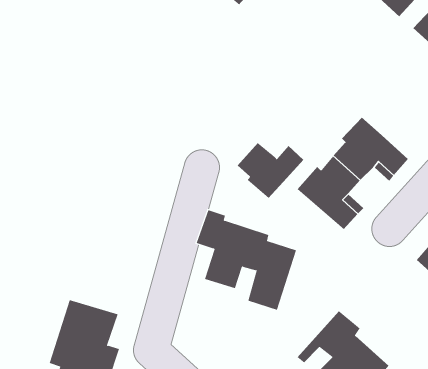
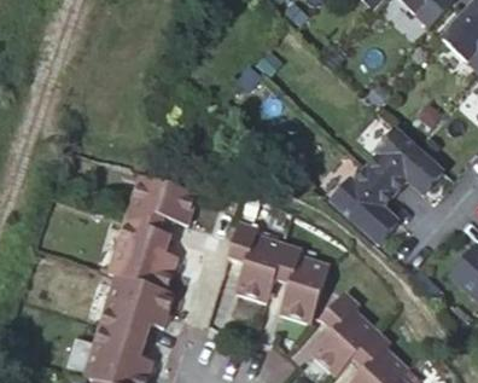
building: [237,142,304,199] -> none
building: none -> [100,174,198,331]
building: none -> [311,291,371,370]

